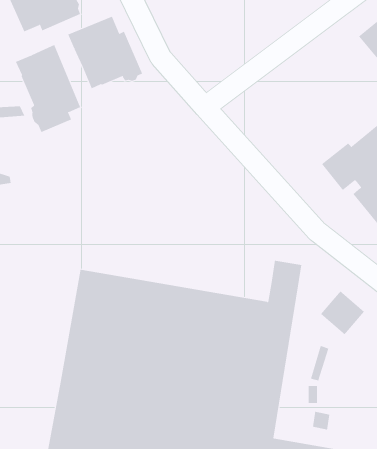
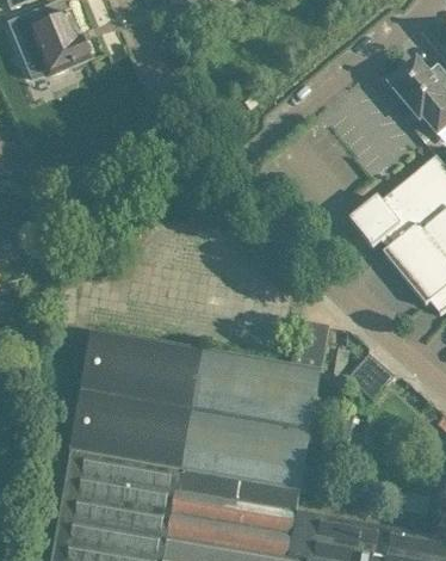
building: [68,16,143,89] -> none
building: [15,44,81,133] -> none

